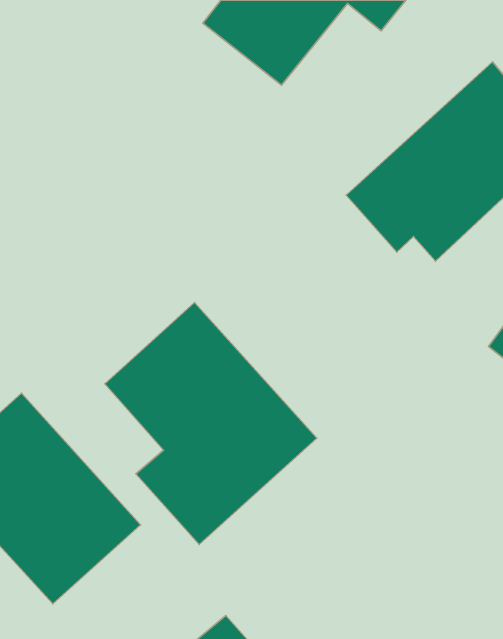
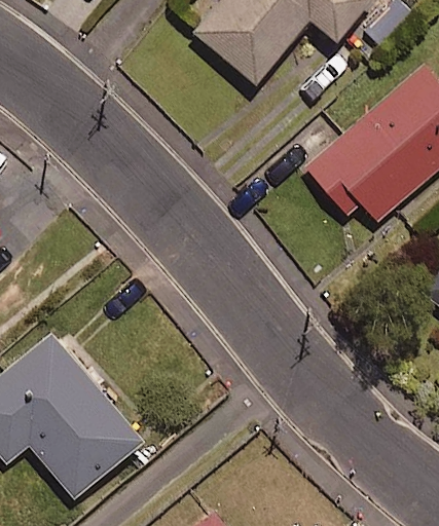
building: [105,302,317,544] -> none

